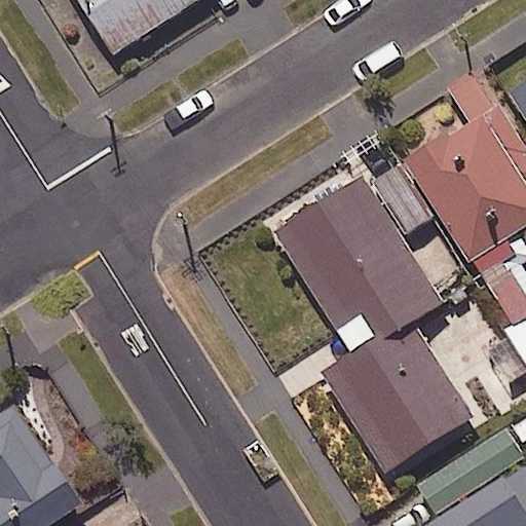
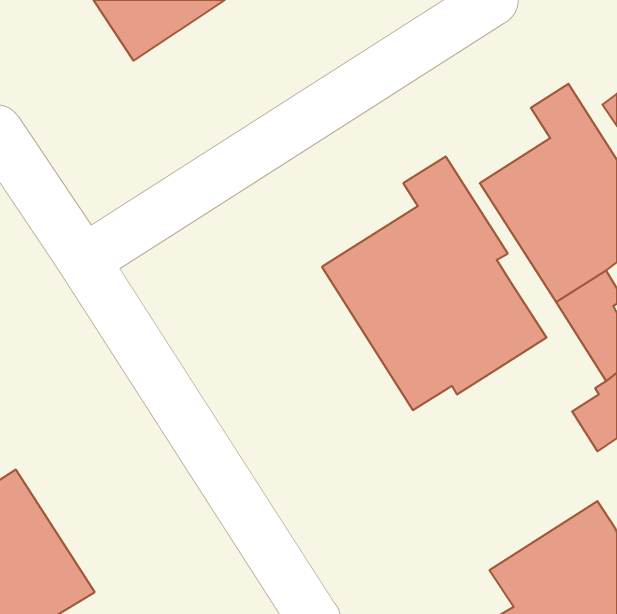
building: [322,322,473,471] -> none

